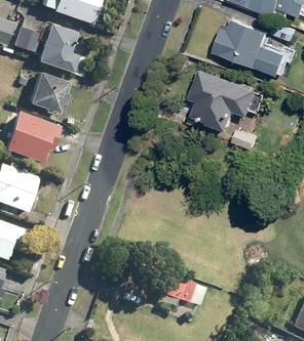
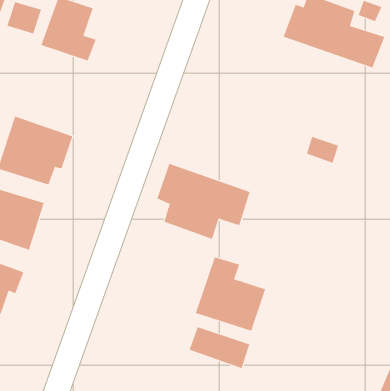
building: [29,69,71,111] -> none
building: [195,69,266,126] -> [157,163,251,239]
building: none -> [195,256,266,331]

